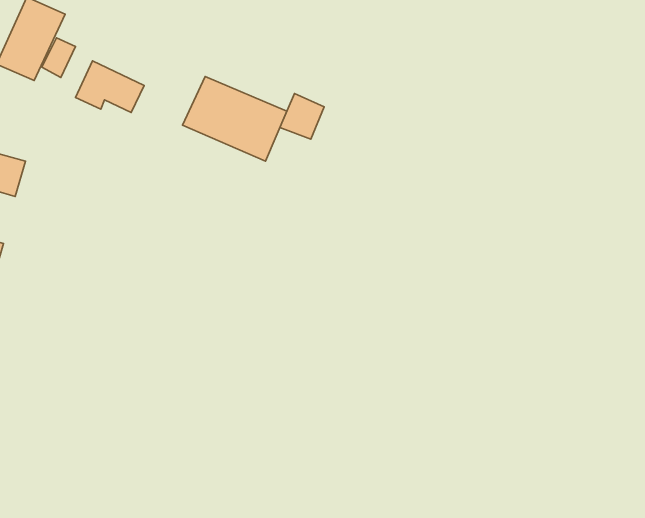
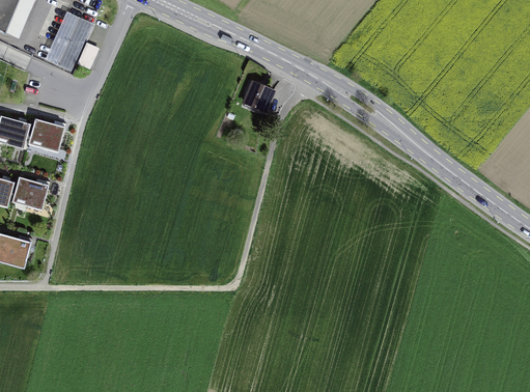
building: [76,61,144,113] -> none
building: [183,76,287,161] -> none

